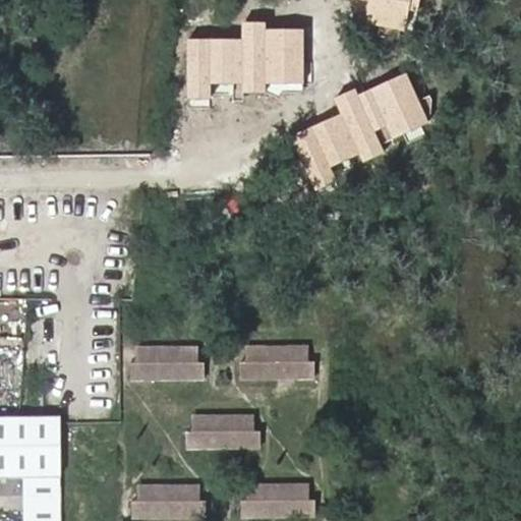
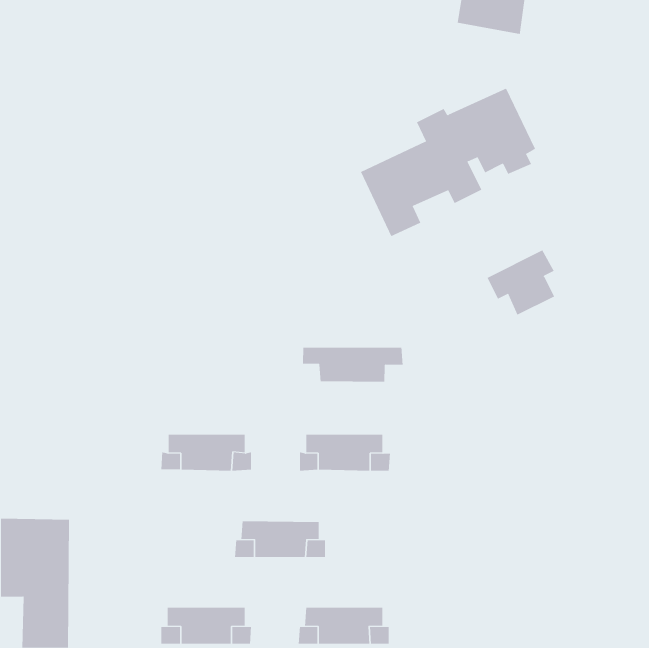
building: [187,19,305,97] -> none
building: none -> [487,250,555,316]
building: none -> [303,347,403,383]

